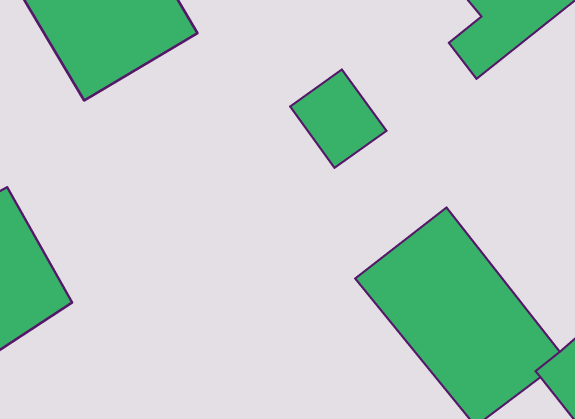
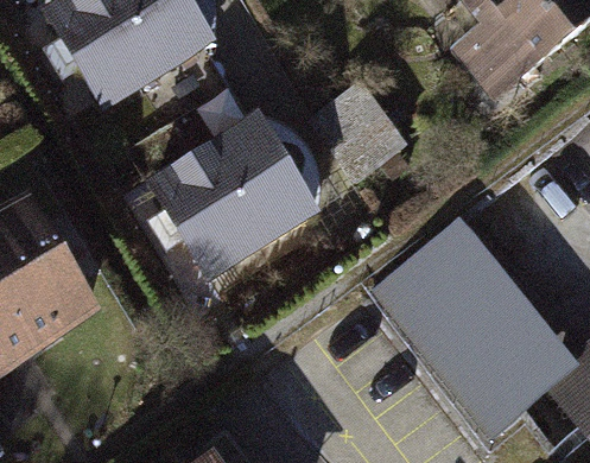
building: none -> [148,115,322,283]

